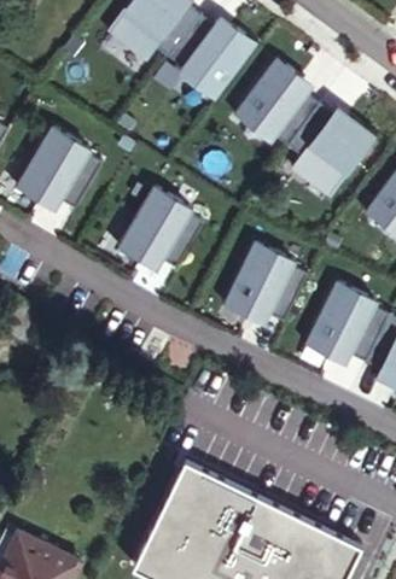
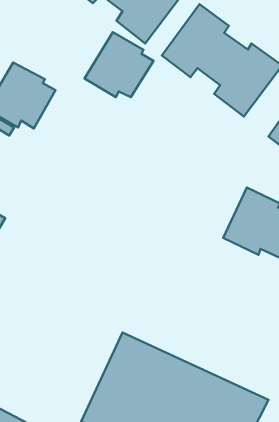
building: [118,187,203,267] -> [84,32,153,97]
building: [225,241,308,322] -> none

